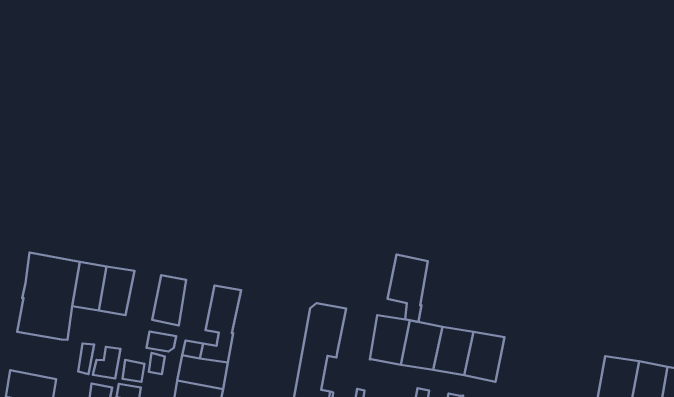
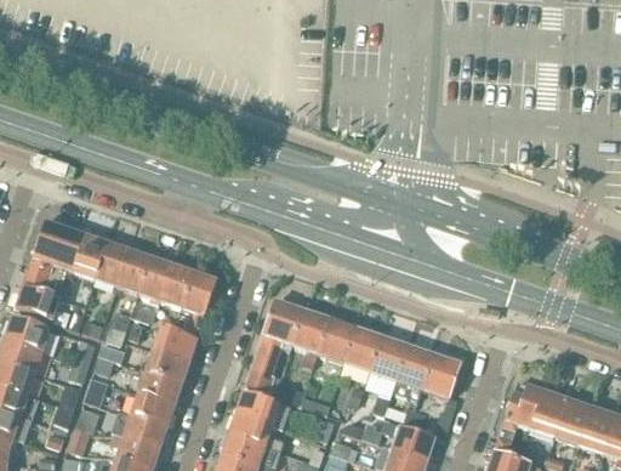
building: [388,254,428,322] -> [290,308,329,368]
building: none -> [116,249,152,293]
building: none -> [160,263,195,308]
building: none -> [15,285,59,320]
building: none -> [420,353,461,399]

